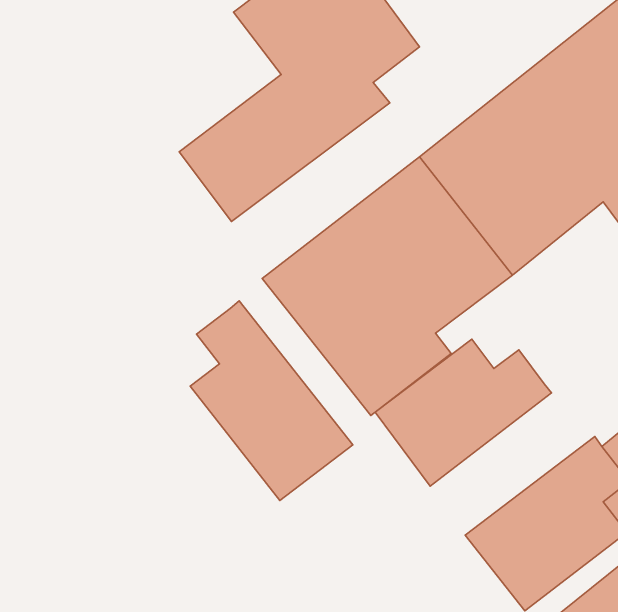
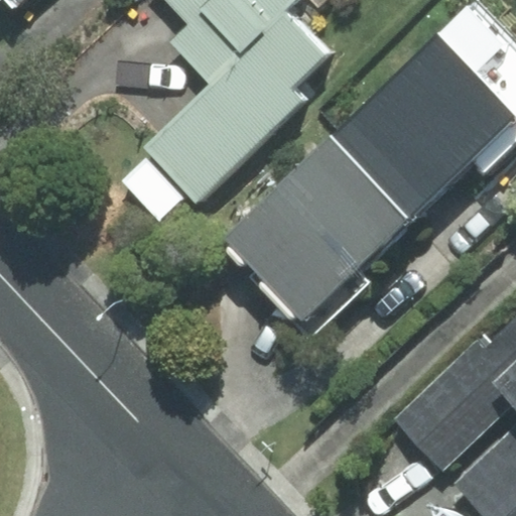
building: [190,301,353,501] -> none
building: [375,339,552,486] -> none

